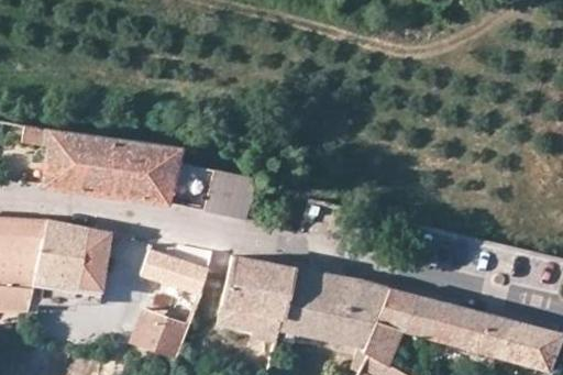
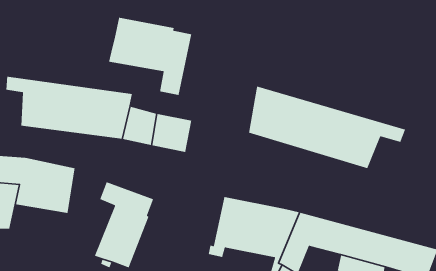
building: none -> [108,17,192,96]
building: none -> [248,86,406,169]
building: [219,257,294,342] -> none

